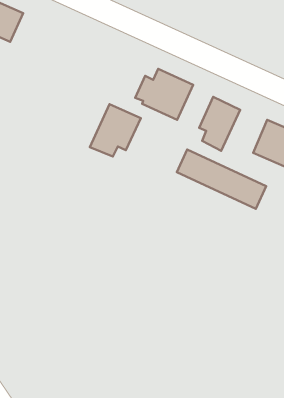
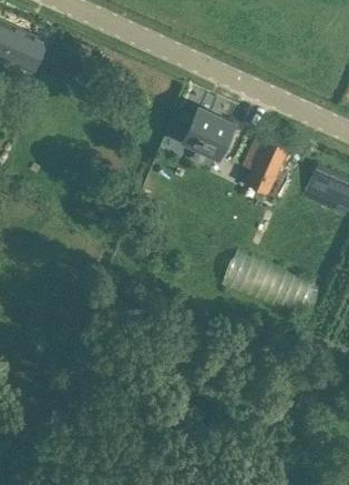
building: [90,104,141,156] -> none
building: [177,149,266,209] -> none

